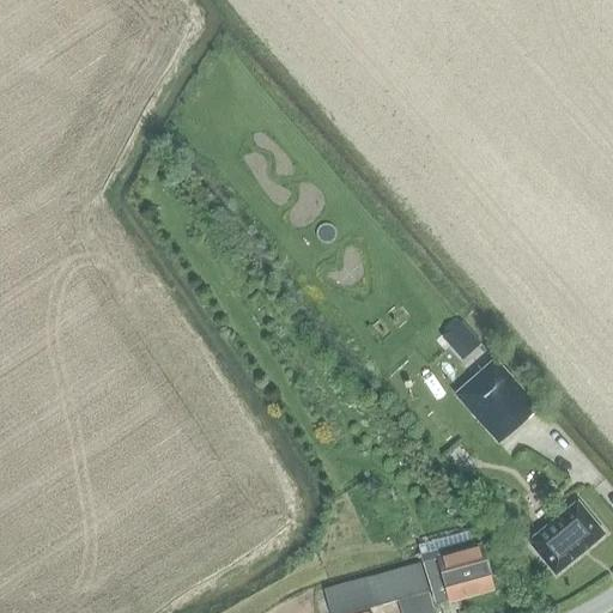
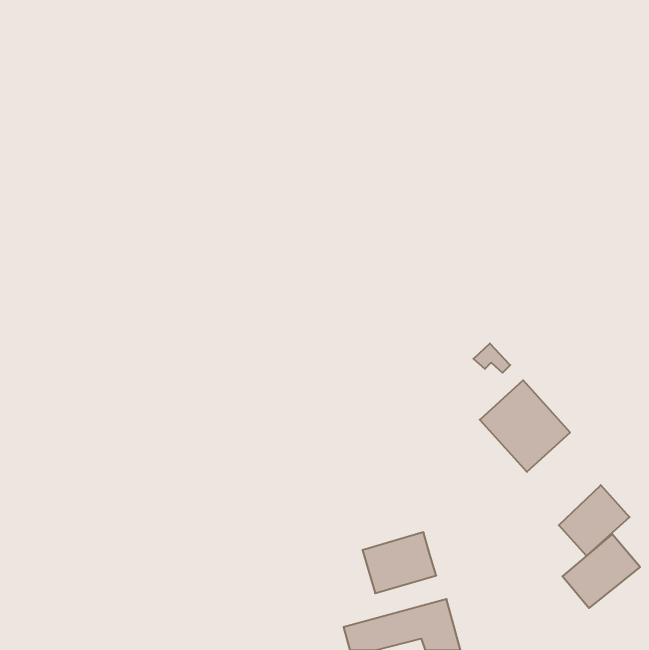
building: none -> [559,485,630,556]
building: [423,547,492,605] -> [362,532,436,593]

